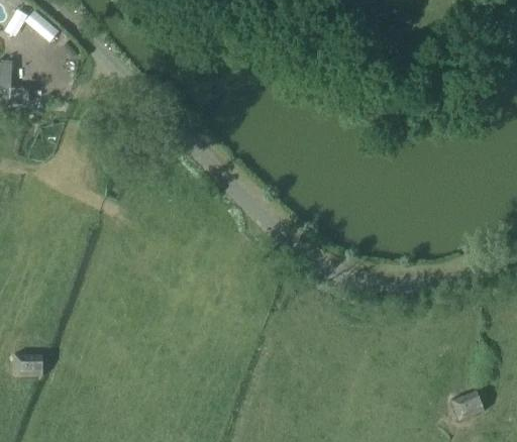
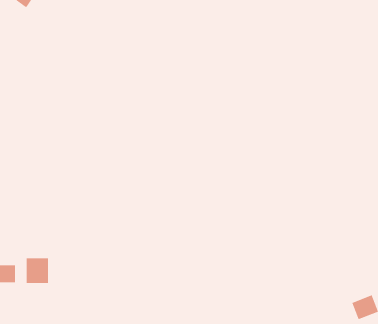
building: none -> [26,258,48,284]

